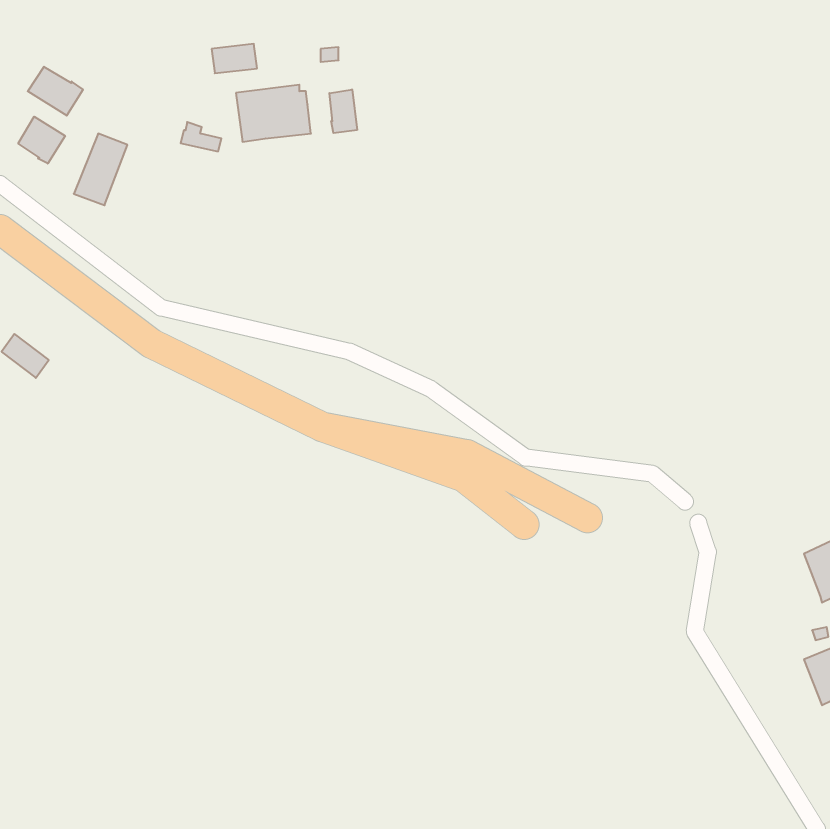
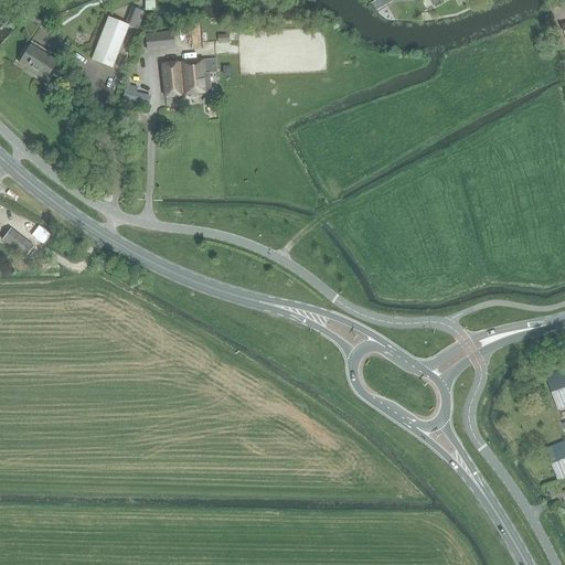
building: [329,89,357,133] -> none
building: [18,117,65,164] -> none
building: [74,134,127,205] -> [92,17,128,65]

